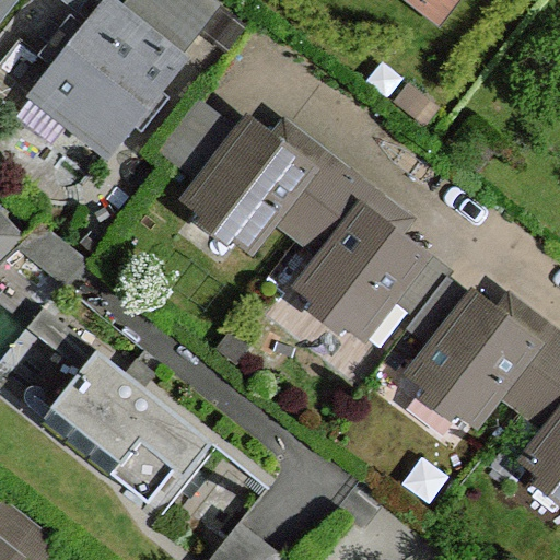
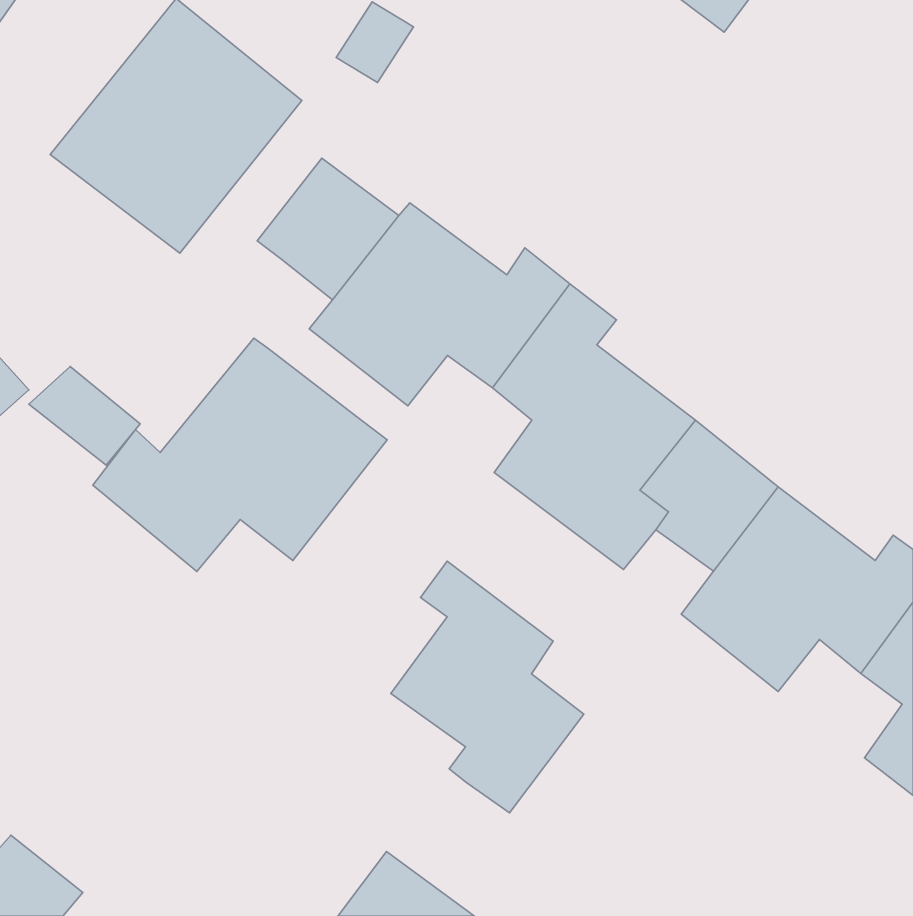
building: none -> [93,338,387,572]
building: none -> [391,561,584,813]
building: [50,350,212,503] -> none

